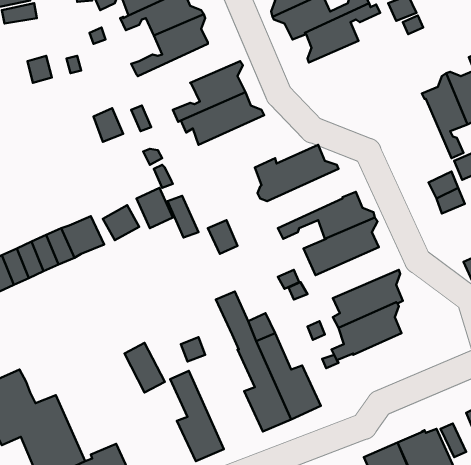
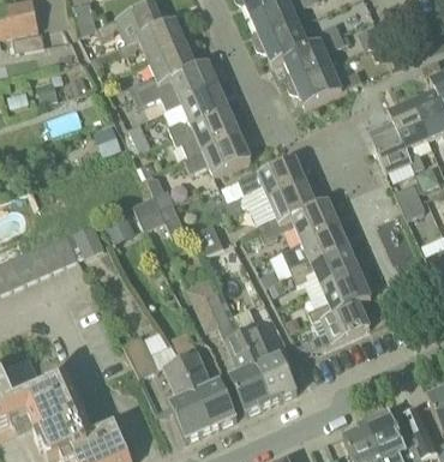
building: none -> [134,61,226,109]
building: none -> [287,65,361,106]
building: none -> [370,116,414,175]
building: none -> [185,131,251,175]
building: none -> [250,179,317,232]
building: none -> [293,248,367,294]
building: none -> [180,352,236,428]

